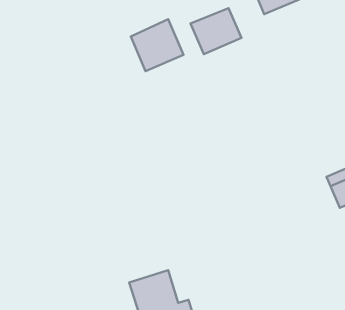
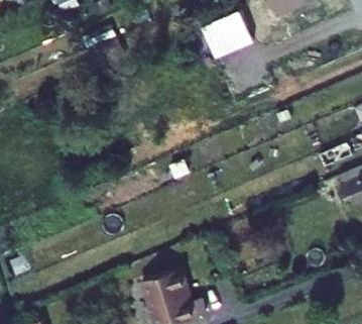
building: [131,19,183,71] -> none

